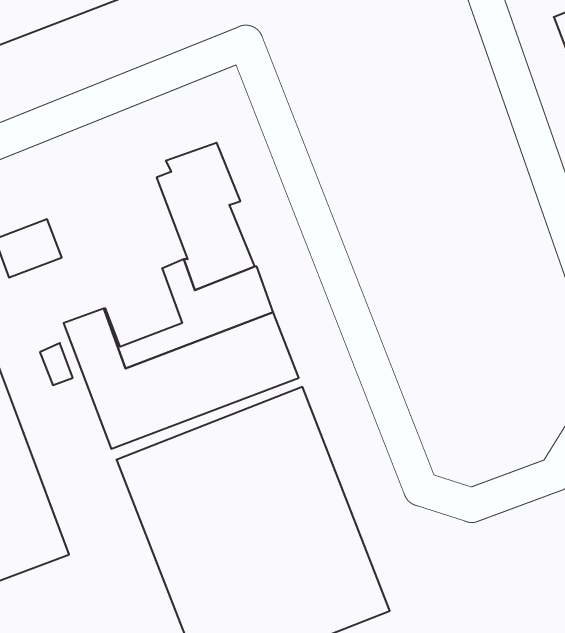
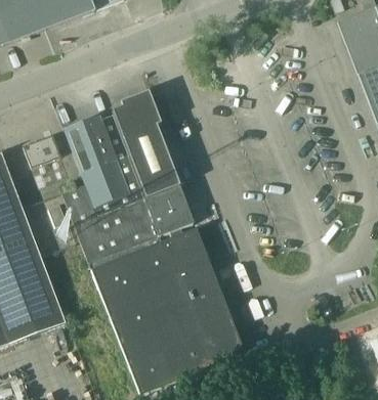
building: none -> [65,112,129,204]

